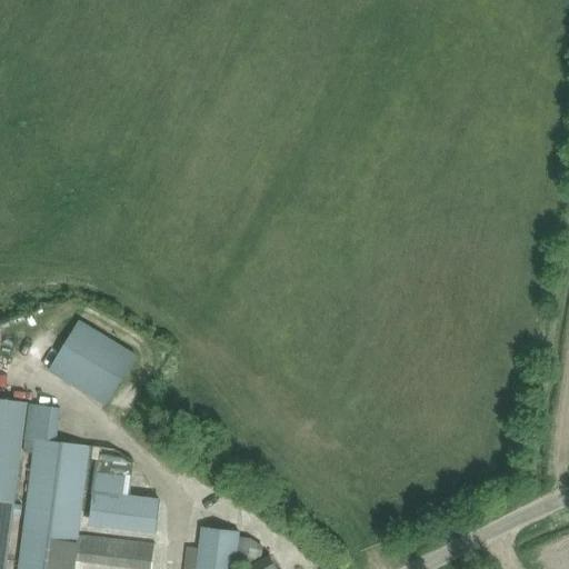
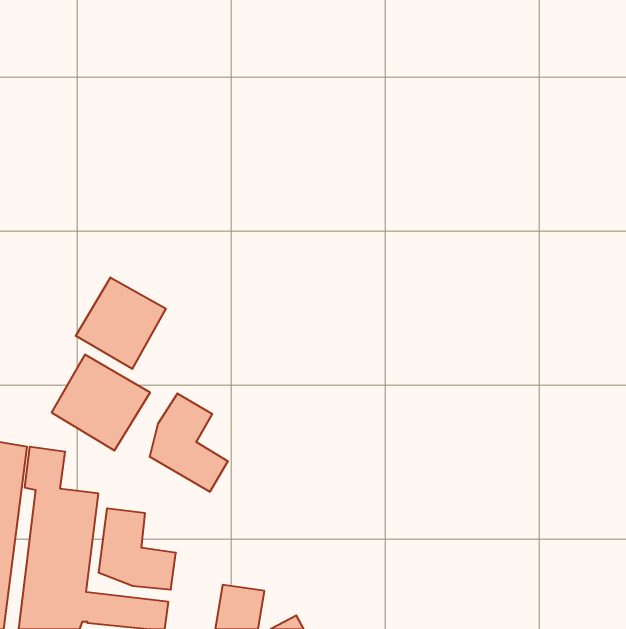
building: none -> [76,277,166,369]
building: none -> [150,393,228,492]

